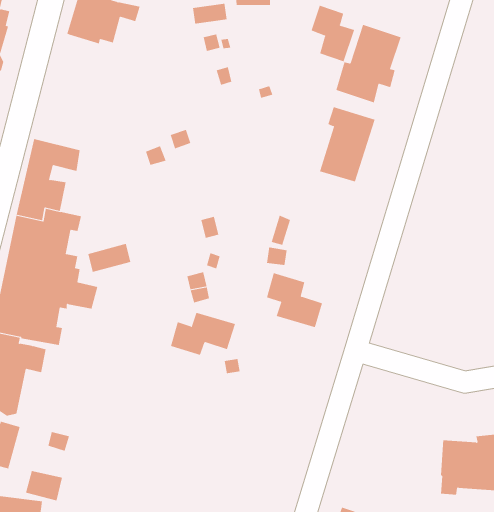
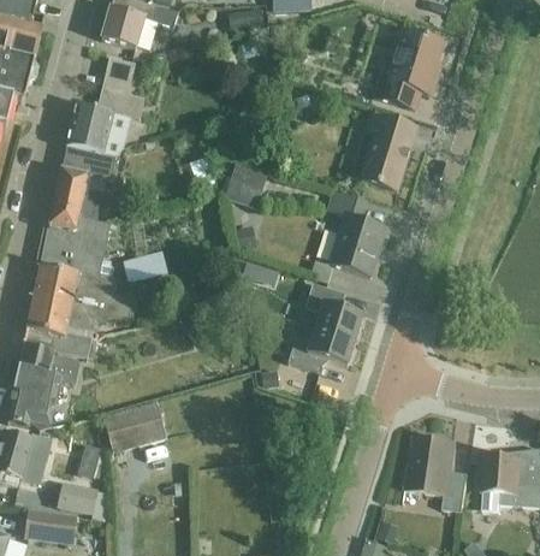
building: [311,5,355,62] -> none
building: none -> [66,57,146,158]
building: none -> [225,164,268,207]
building: none -> [327,189,385,277]
building: [170,312,236,356] -> [287,327,355,372]
building: none -> [102,401,165,451]
building: none -> [404,436,468,510]

